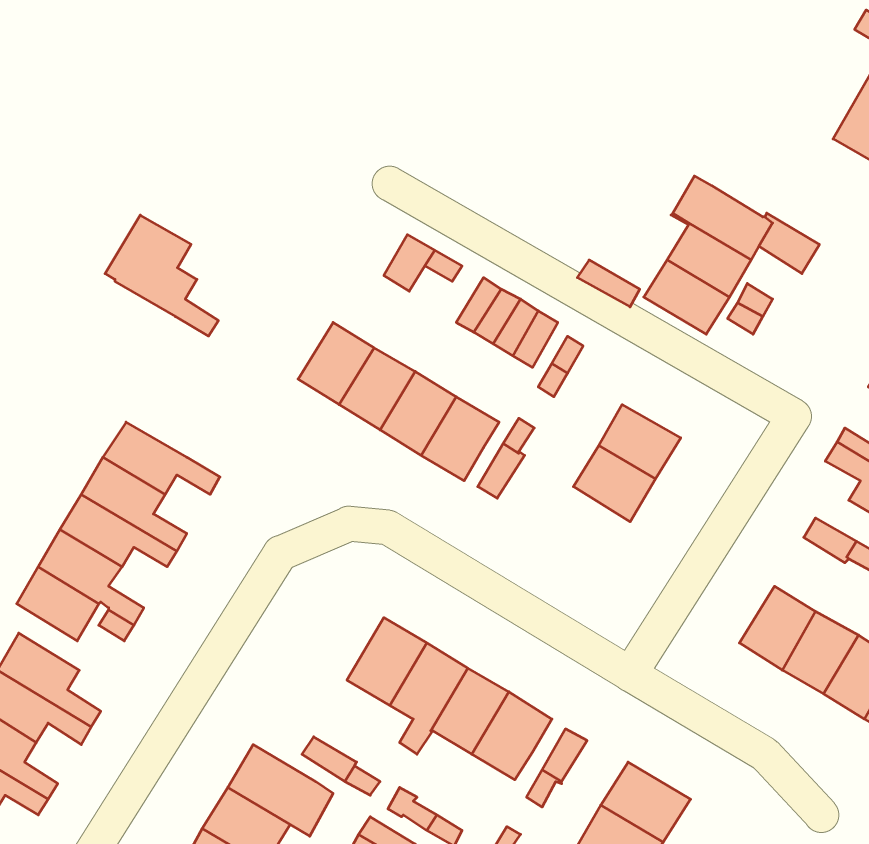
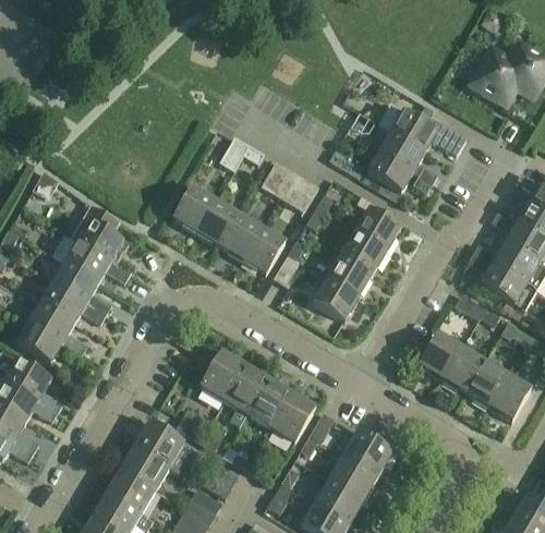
building: [105,215,218,336] -> [72,204,135,271]
building: none -> [354,207,401,250]
building: none -> [313,277,359,319]

